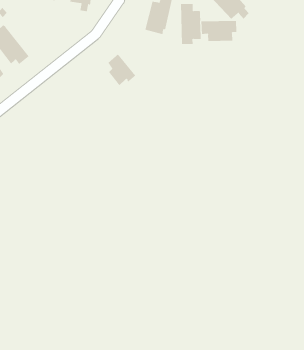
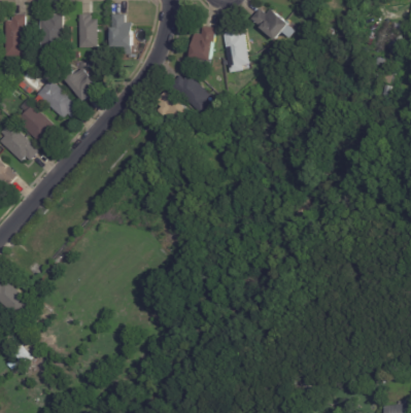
building: none -> [60,68,94,101]
building: [201,20,237,42] -> none
building: none -> [169,74,209,112]

